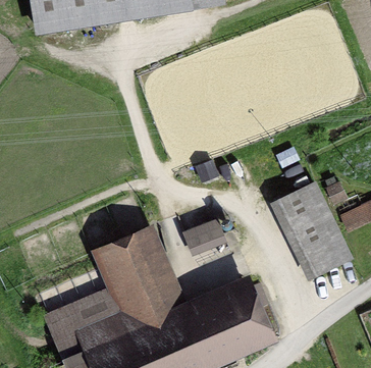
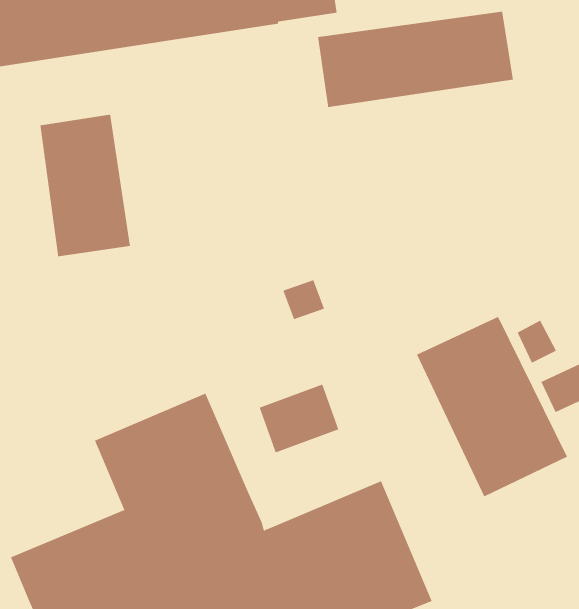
building: none -> [317,11,514,108]
building: none -> [40,114,130,257]

